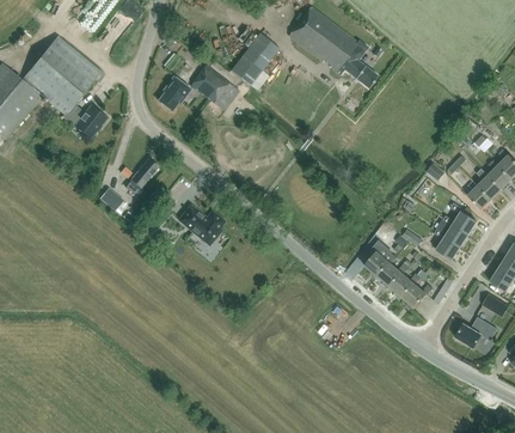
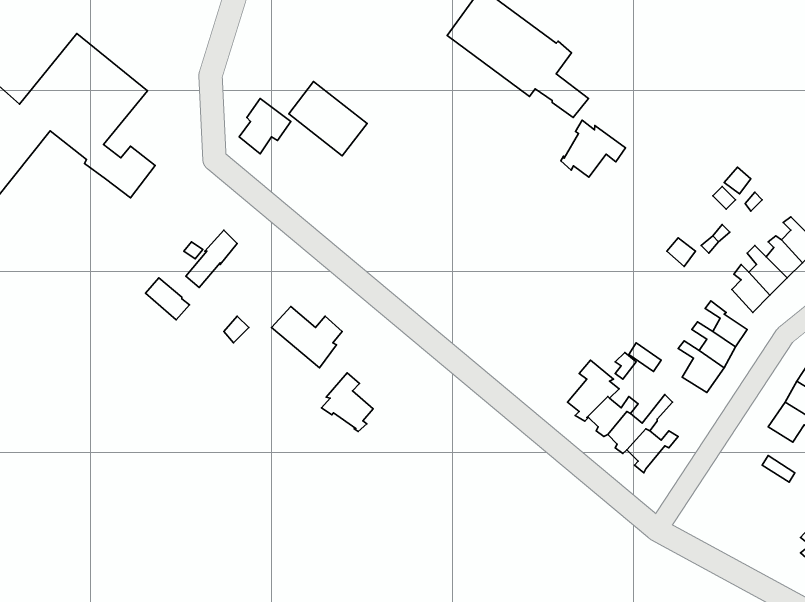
building: [231,33,280,86] -> none
building: none -> [561,120,626,177]
building: none -> [322,373,373,432]
building: [455,317,497,348] -> none

